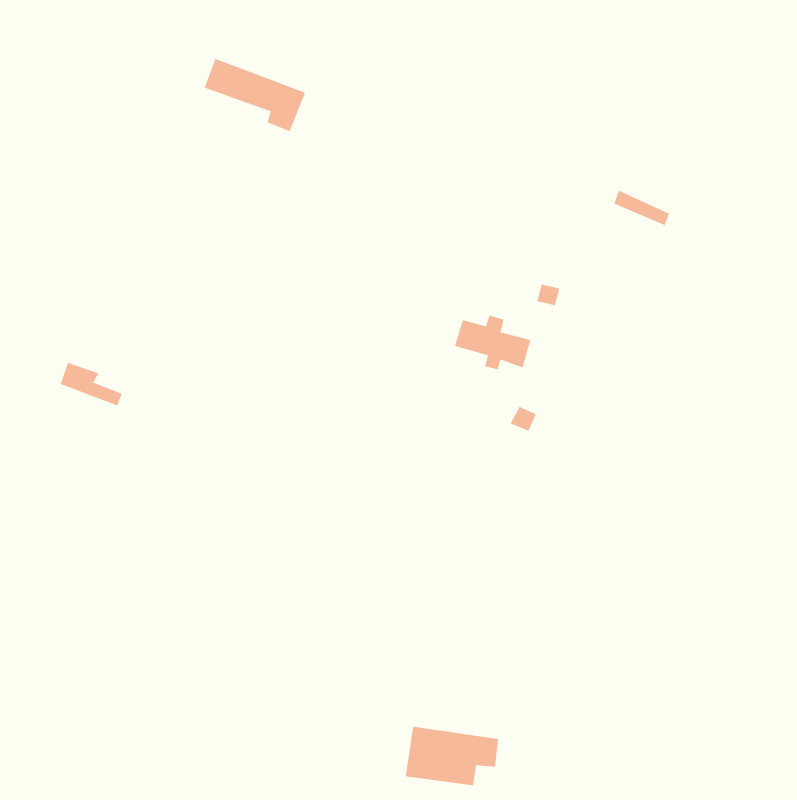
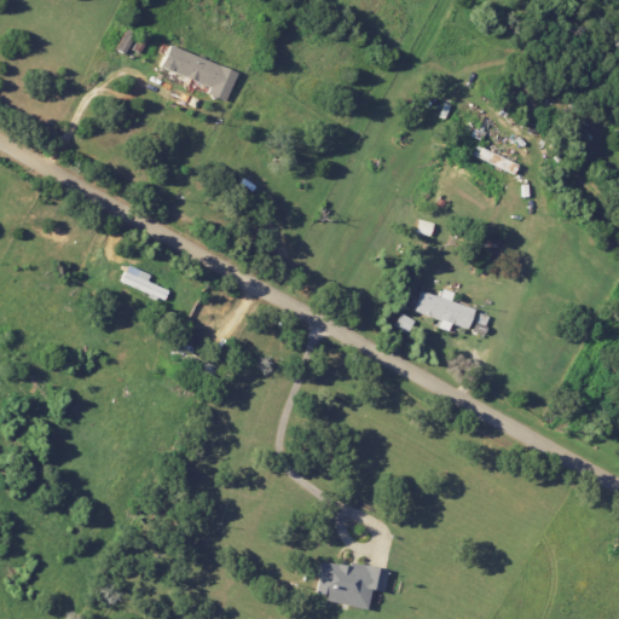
building: [454,315,531,370] -> [416,289,475,331]
building: [60,362,123,406] -> [121,266,169,300]

